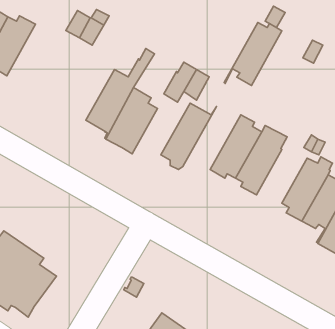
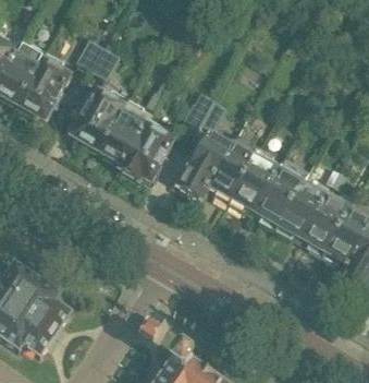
building: [224,22,282,86] -> [198,135,258,201]
building: none -> [16,50,70,119]
building: none -> [70,87,127,149]
building: none -> [274,180,327,236]

